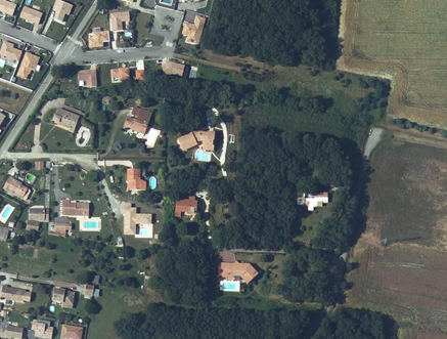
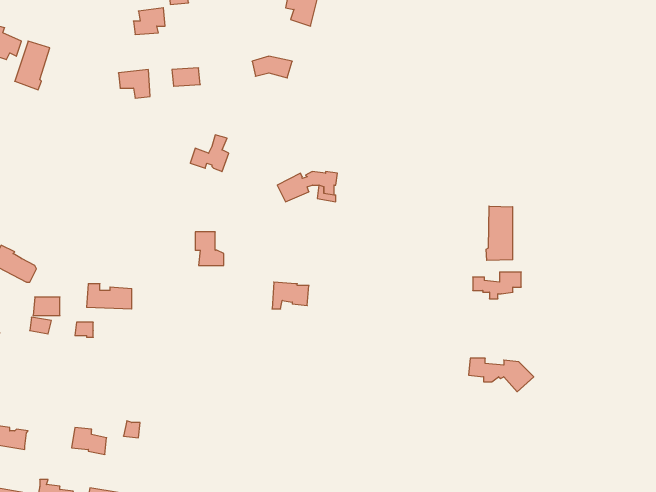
building: [53,105,81,128] -> none
building: none -> [486,206,513,260]
building: [218,262,258,283] -> [469,358,534,392]

